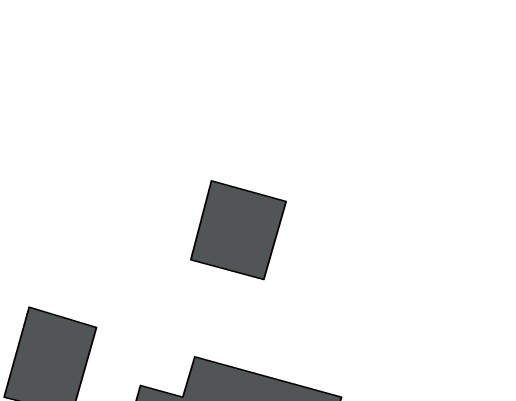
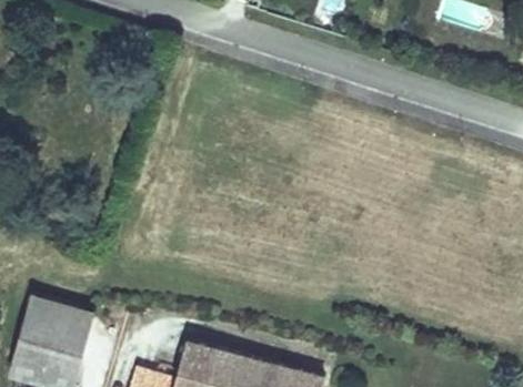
building: [191,181,286,279] -> none

